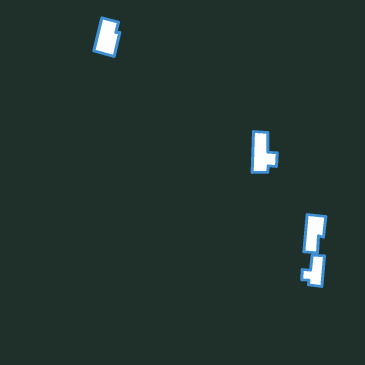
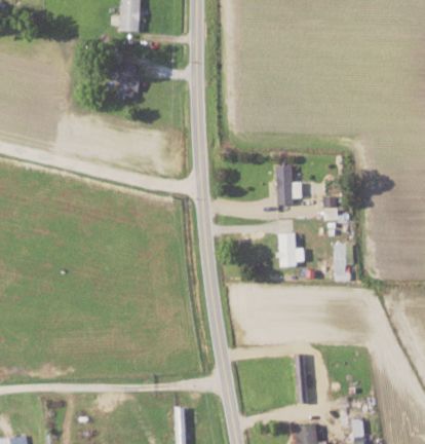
building: none -> [276,233,297,267]
building: [302,255,325,287] -> none

